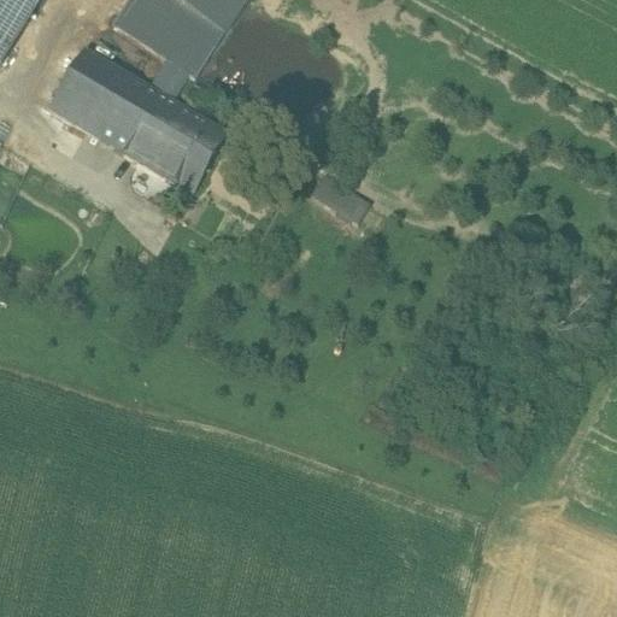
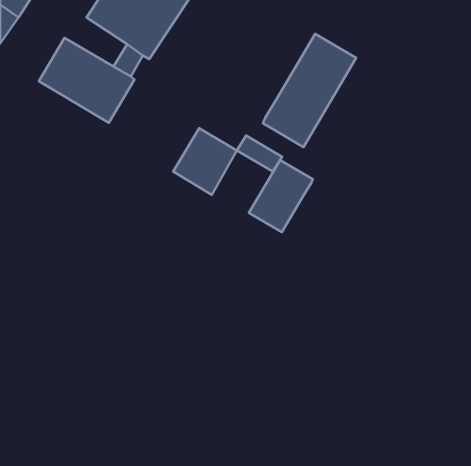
building: none -> [263,34,356,147]
building: [142,104,225,190] -> [173,128,237,195]
building: none -> [249,160,313,232]

